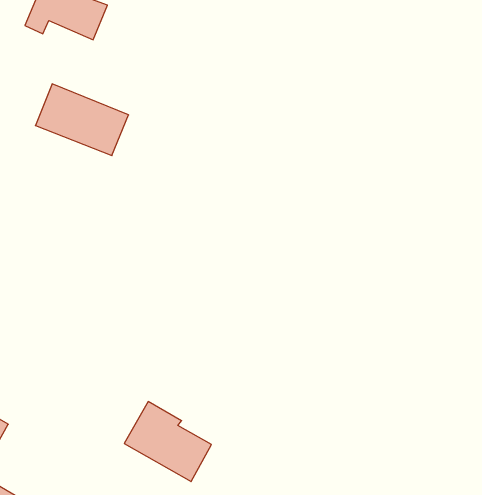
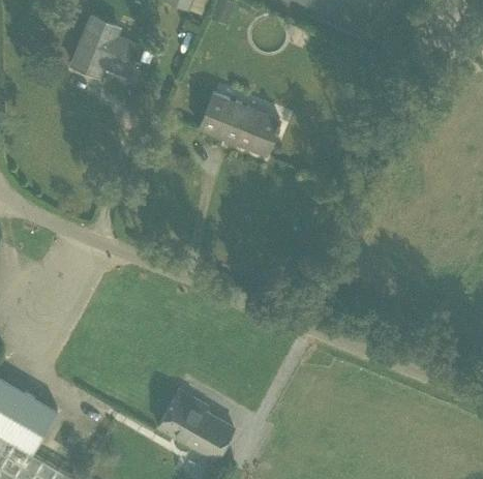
building: [35,84,129,156] -> [199,93,279,155]

